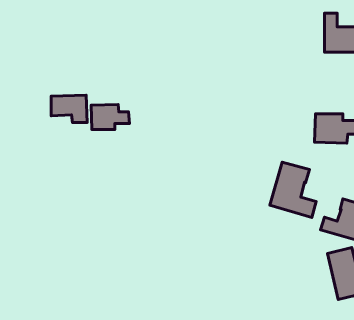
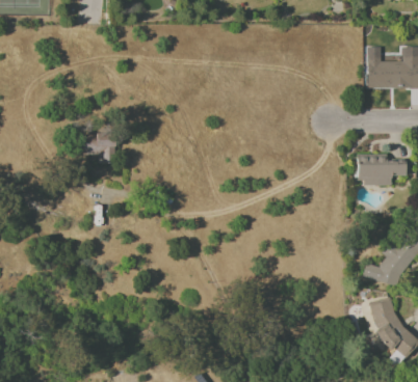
building: [91,104,129,129] -> none
building: [270,162,316,217] -> none

